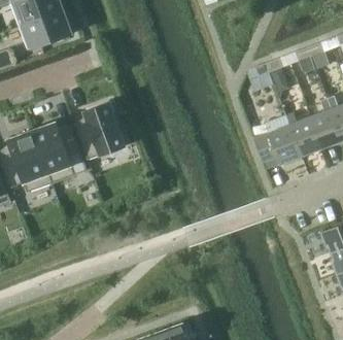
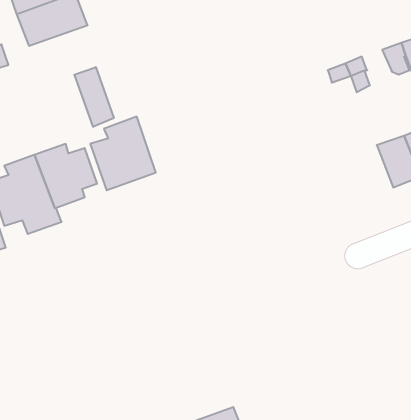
building: none -> [74,67,114,127]
building: [254,114,302,165] -> none

